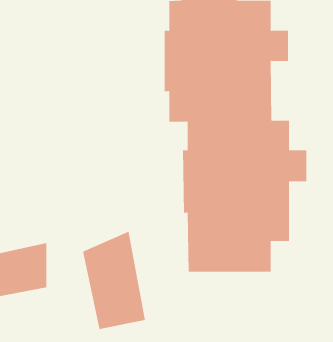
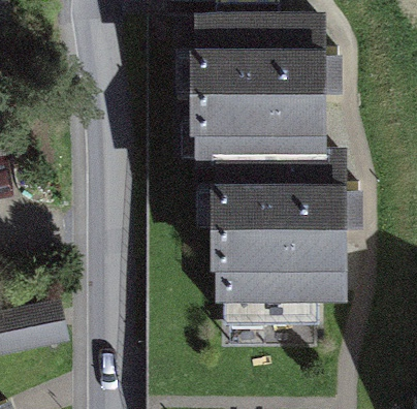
building: [83,231,145,330] -> none

